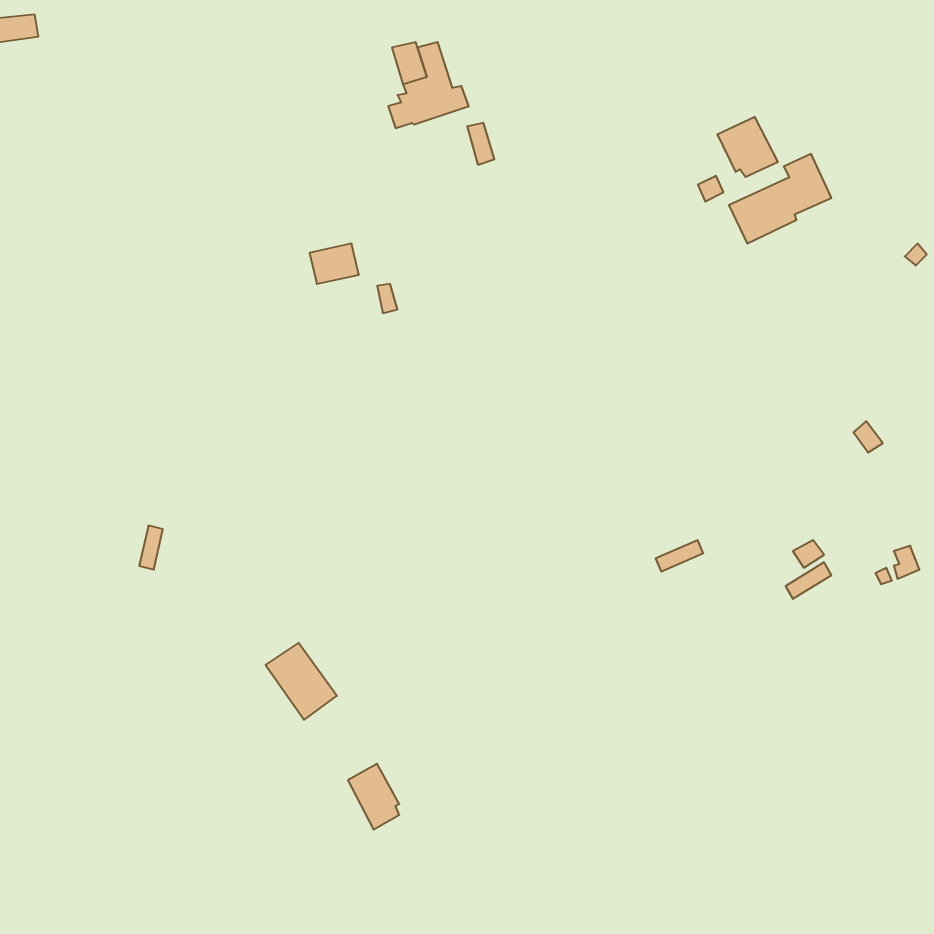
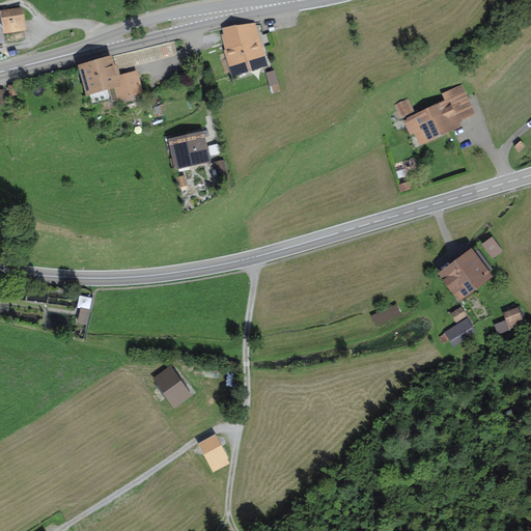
building: none -> [81,58,140,106]
building: [718,117,778,177] -> none
building: none -> [443,255,490,292]

